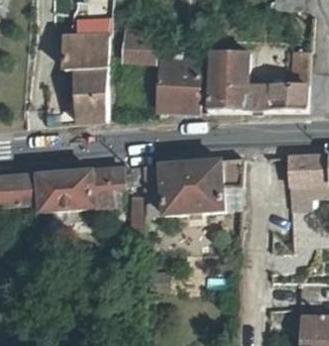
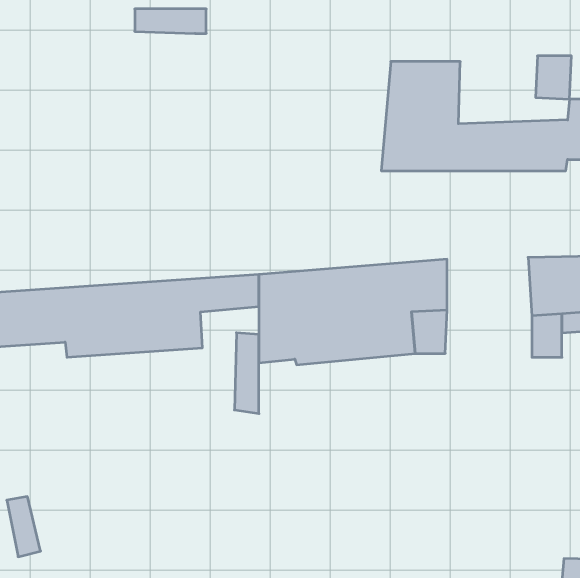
building: [123,25,157,64] -> none
building: [69,39,108,120] -> none
building: [157,62,202,110] -> none

